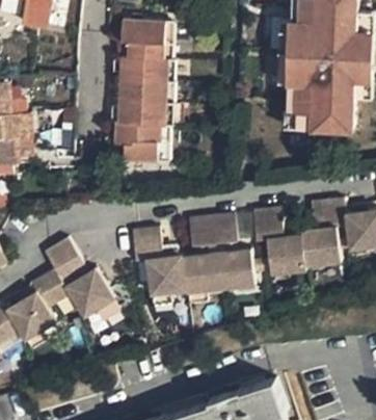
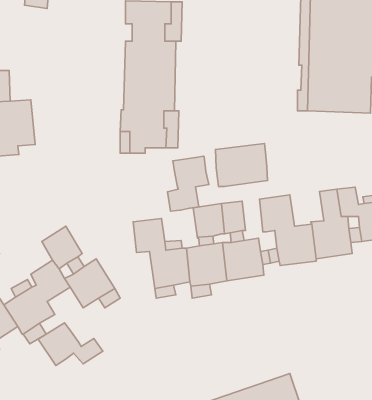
building: none -> [216,143,268,187]
building: none -> [168,156,209,211]
building: none -> [38,323,103,365]

